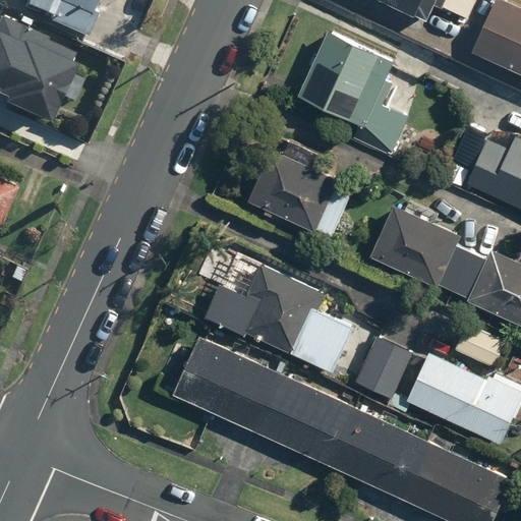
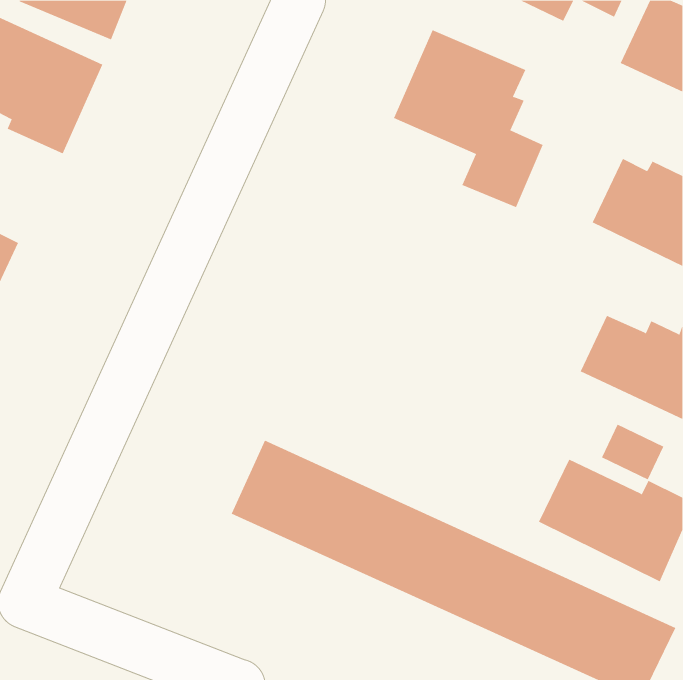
building: [248,148,344,239] -> none
building: [368,207,462,290] -> none
building: [205,252,355,372] -> none
building: [354,336,414,399] -> none

